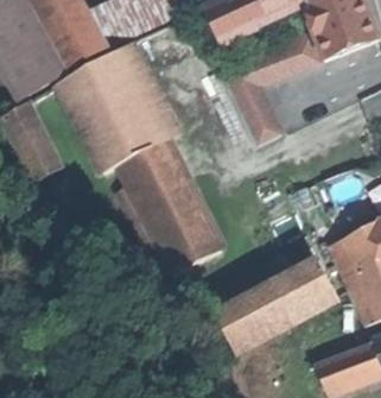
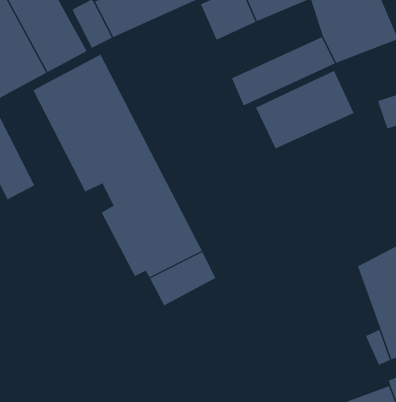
building: [215,258,336,348] -> none

